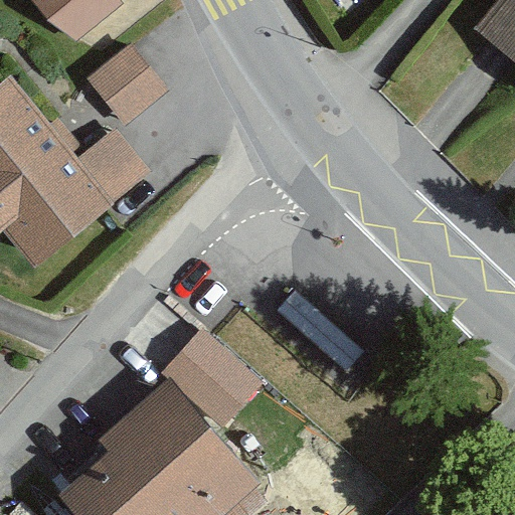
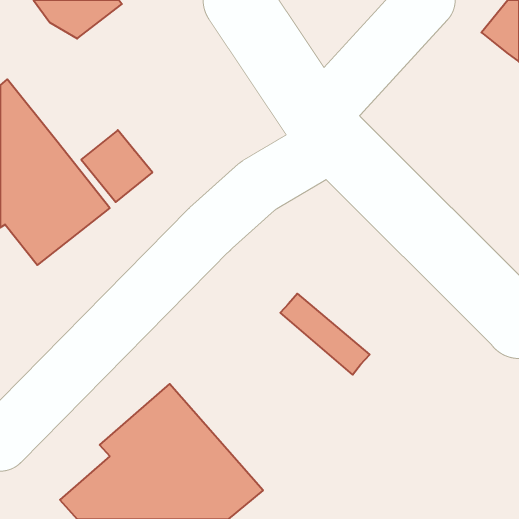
building: [87,44,168,125] -> none
building: [164,329,263,425] -> none

